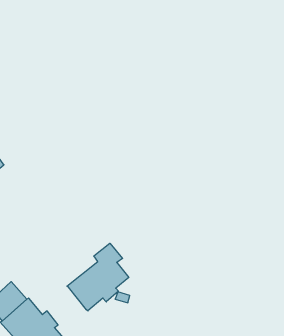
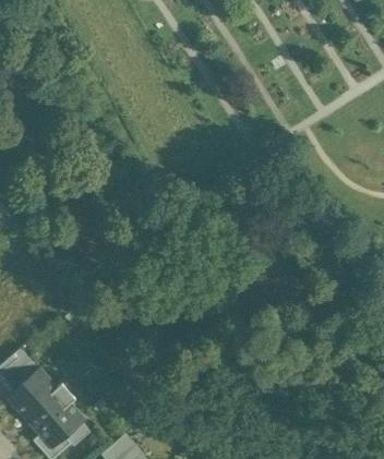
building: [67,243,129,311] -> none

